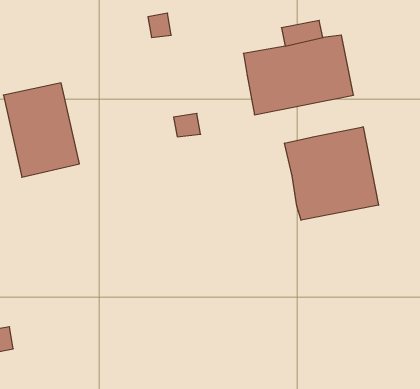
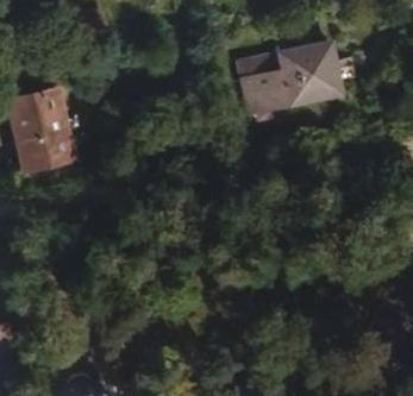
building: [285,127,379,220] -> none

